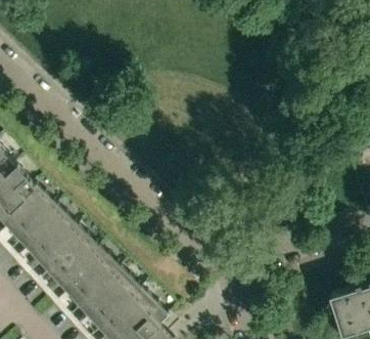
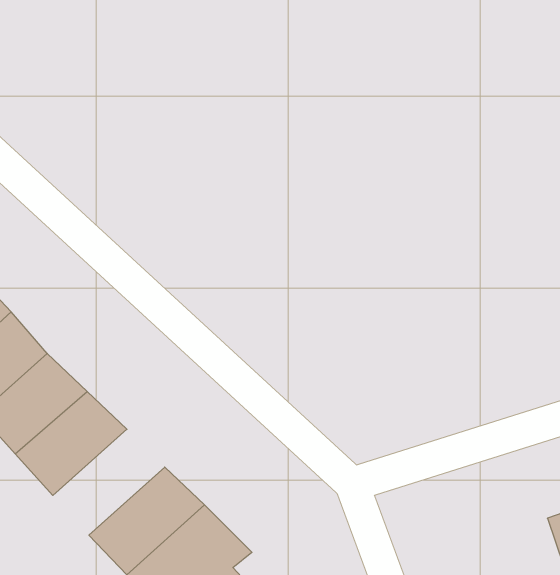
building: [61,251,122,308] -> none

